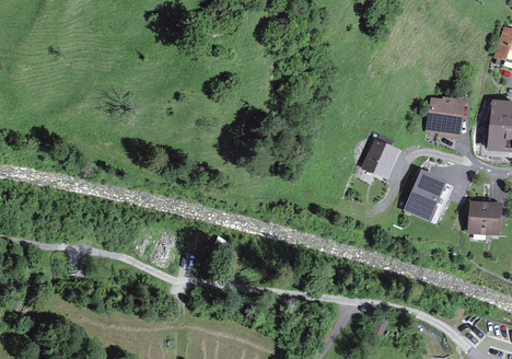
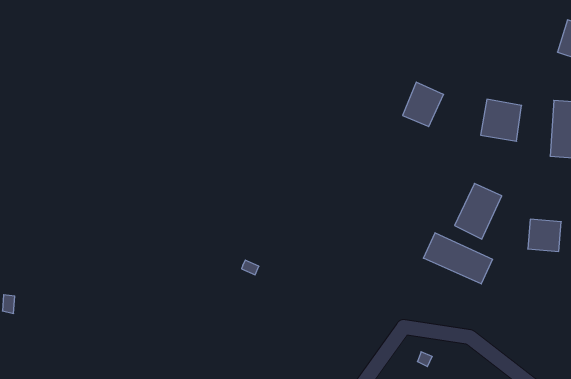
building: [362,138,398,177] -> [403,82,444,127]
building: none -> [423,233,492,284]

